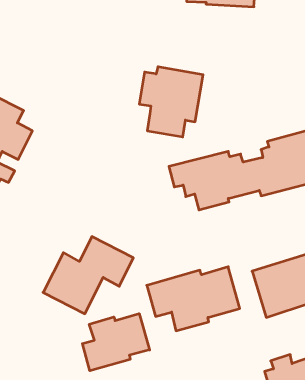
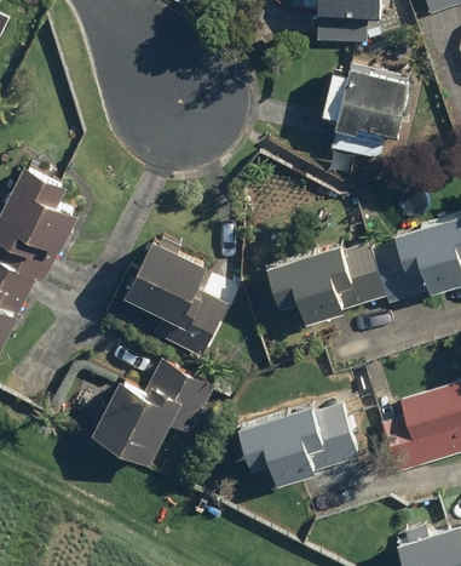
building: [139,67,203,137] -> [323,64,410,160]
building: none -> [122,238,231,359]
building: [82,314,150,371] -> none

